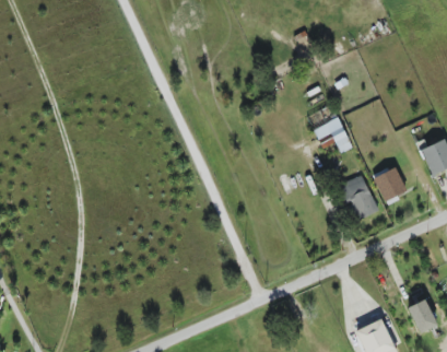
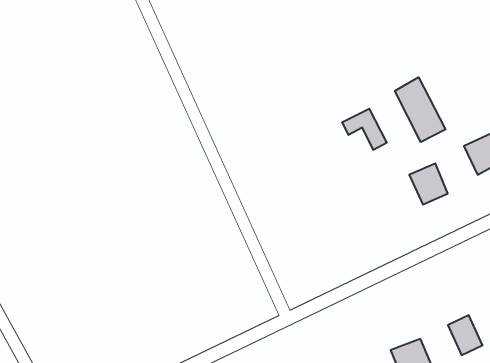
building: none -> [395,77,446,142]
building: [339,174,378,219] -> none

